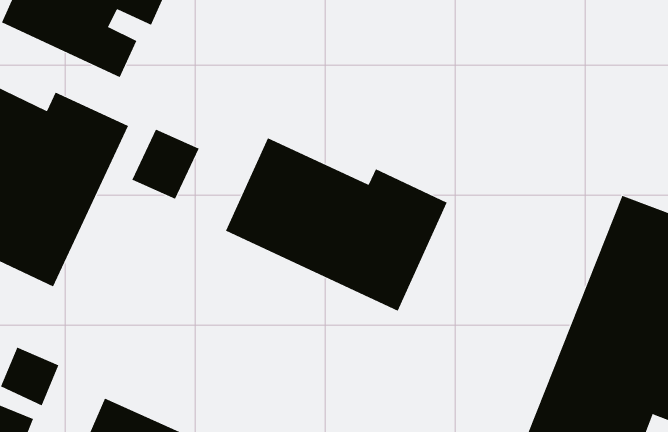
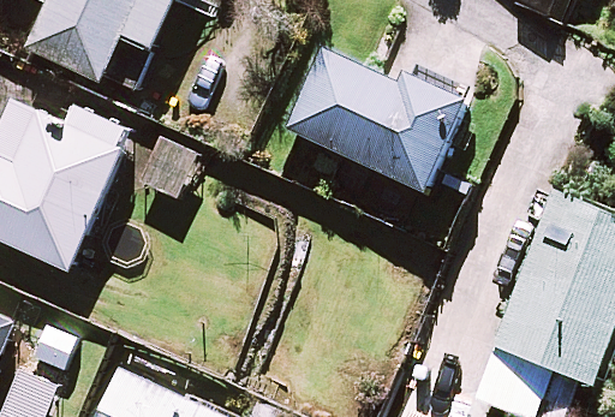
building: [225,137,448,312] -> [282,47,471,195]

